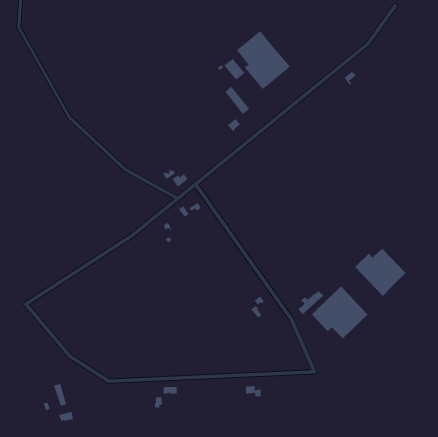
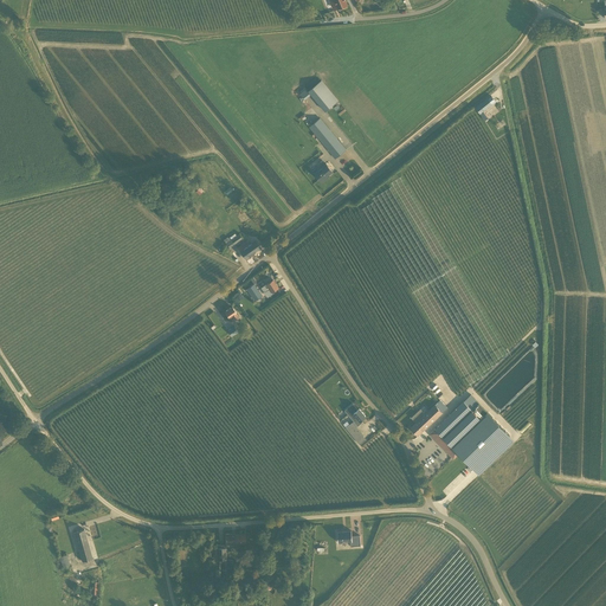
building: [236,30,291,90] -> none
building: [354,248,406,297] -> none

